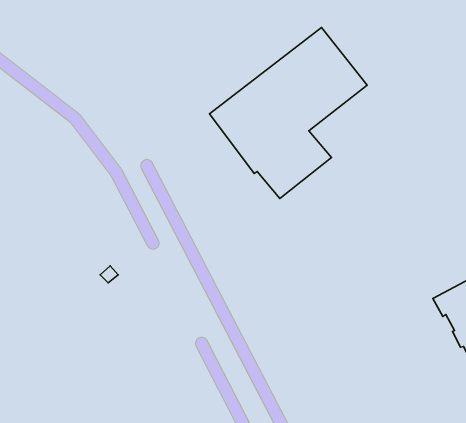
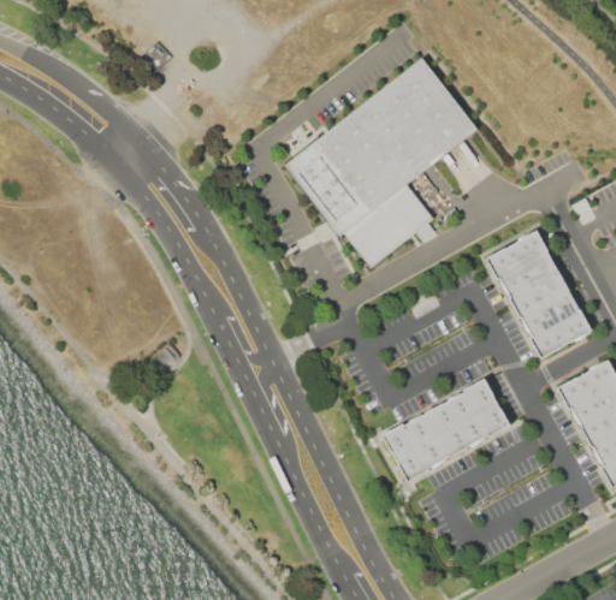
building: none -> [486,231,592,357]
building: none -> [383,378,511,481]

